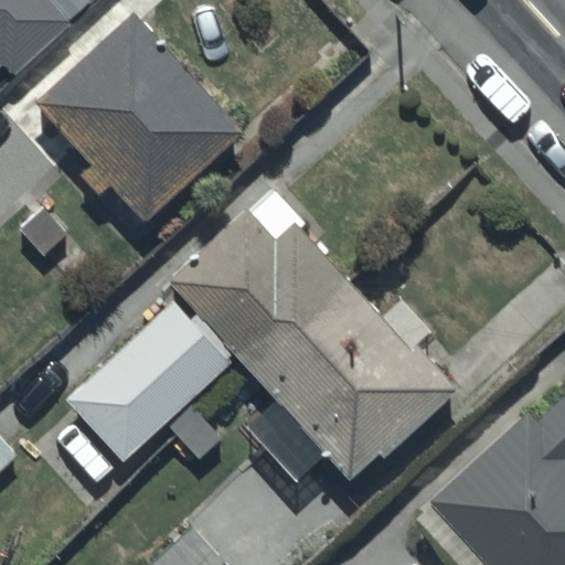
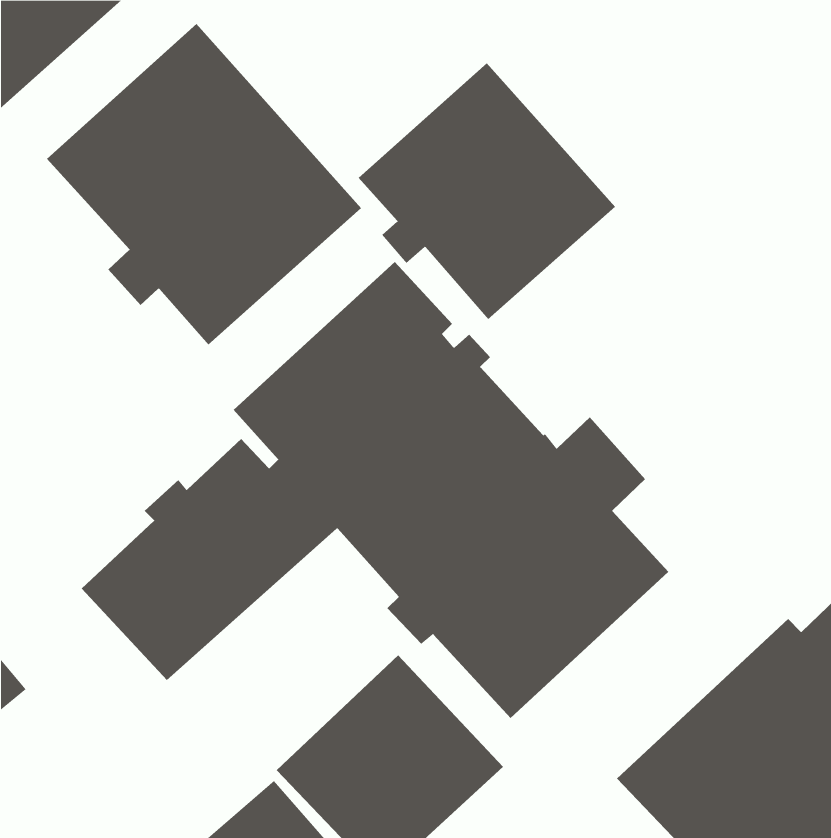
building: none -> [358,62,616,320]

